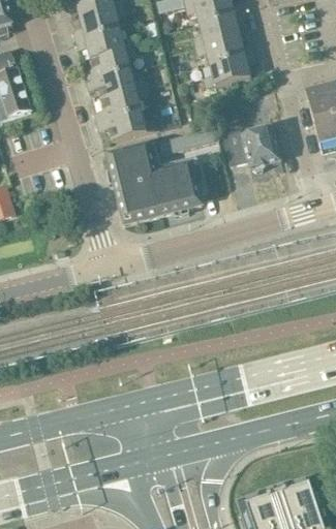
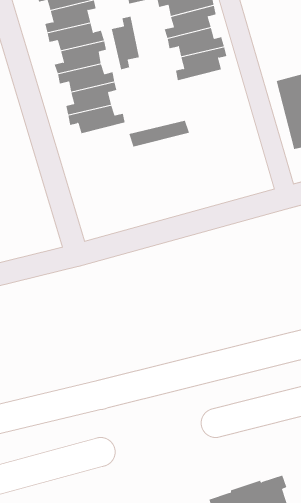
building: none -> [111,16,139,70]
building: [222,124,281,168] -> none
building: [104,142,202,222] -> none

